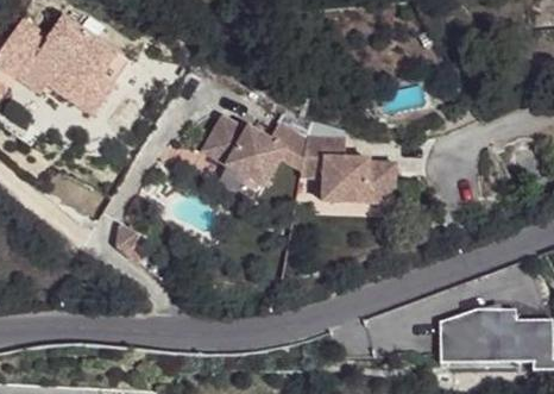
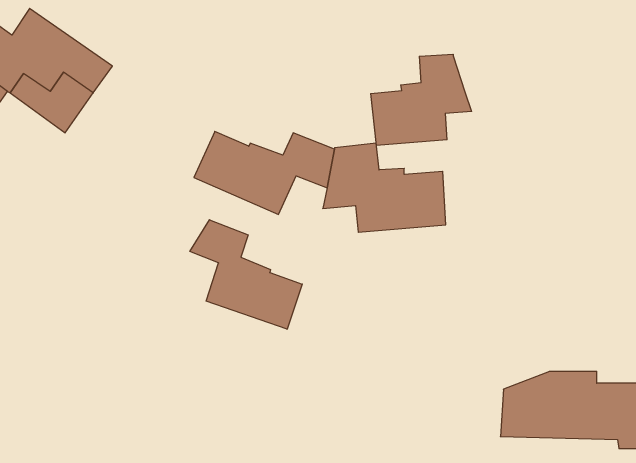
building: none -> [371,54,472,146]
building: none -> [190,220,302,329]

